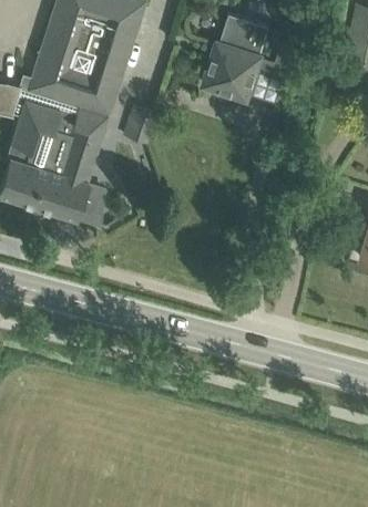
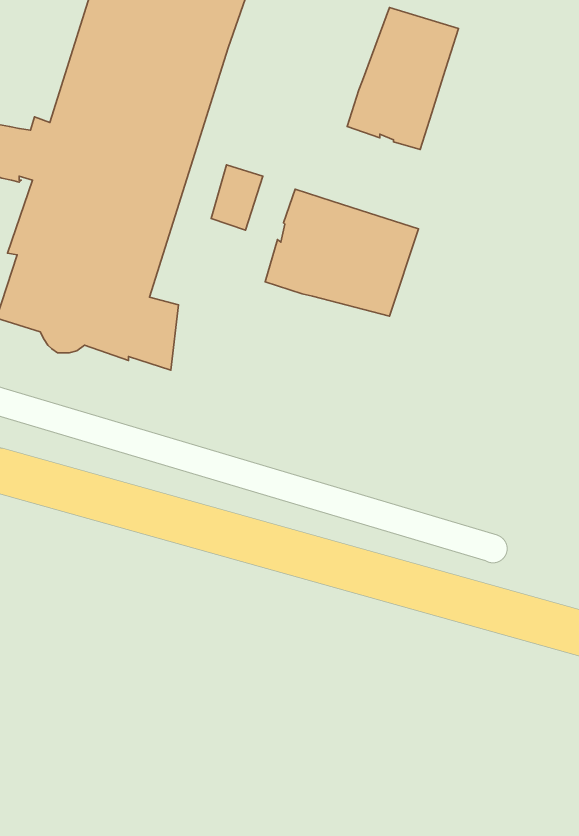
building: none -> [265,189,419,316]

